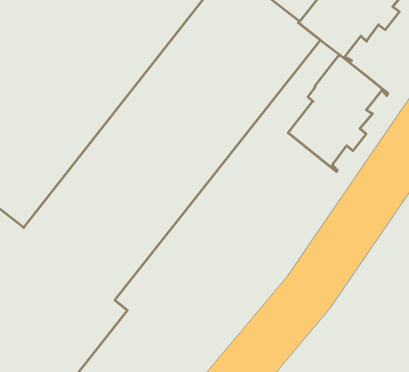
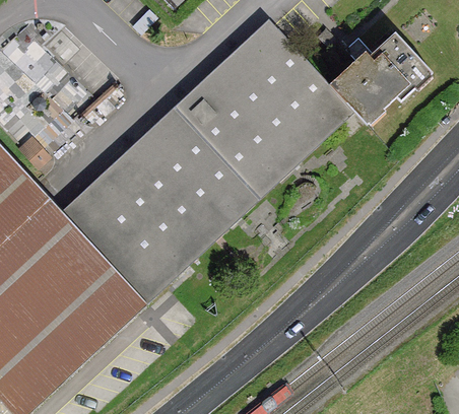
building: [288,55,388,172] -> none

